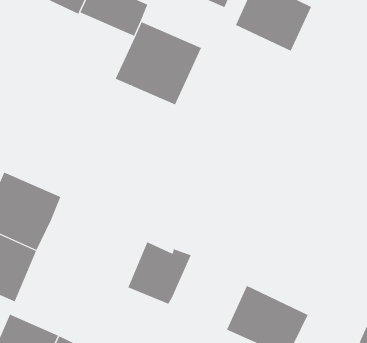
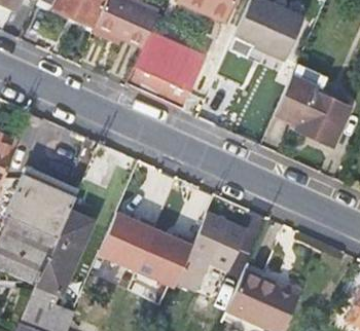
building: none -> [275,81,349,145]
building: none -> [37,211,95,296]
building: none -> [100,214,157,271]
building: none -> [178,214,247,291]

